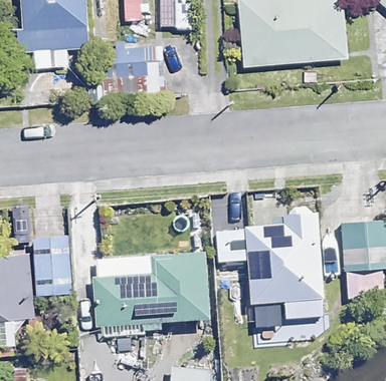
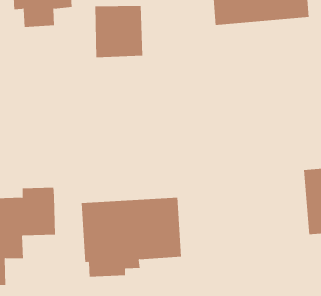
building: [216,208,324,319] -> none

